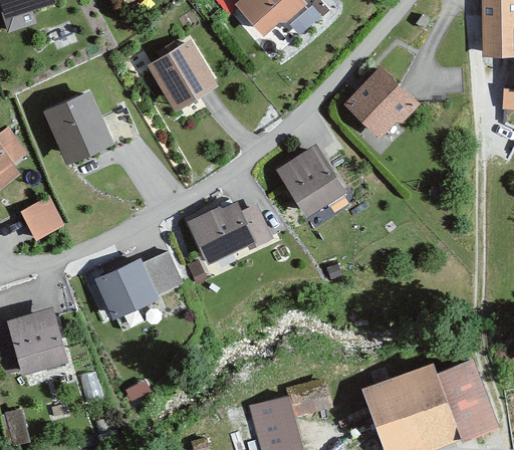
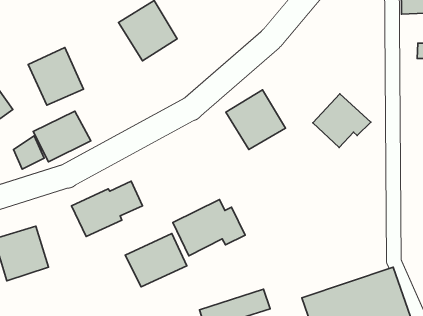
building: [346,72,415,136] -> [313,94,371,148]
building: none -> [33,111,91,162]
building: [188,197,273,263] -> [173,200,245,256]
building: none -> [125,233,187,287]

